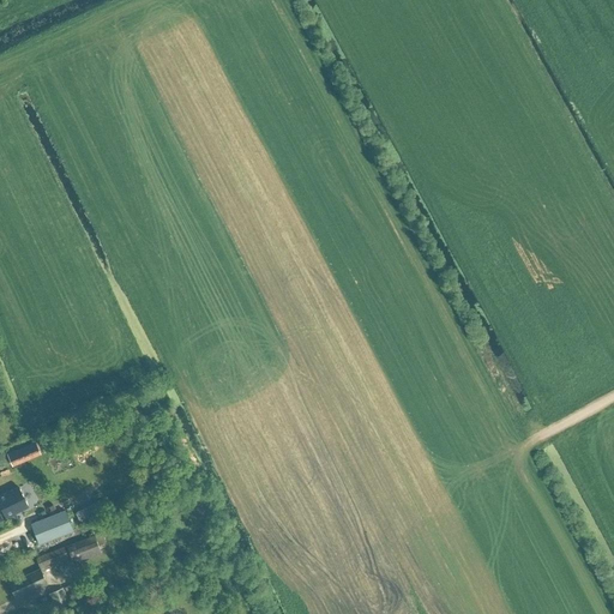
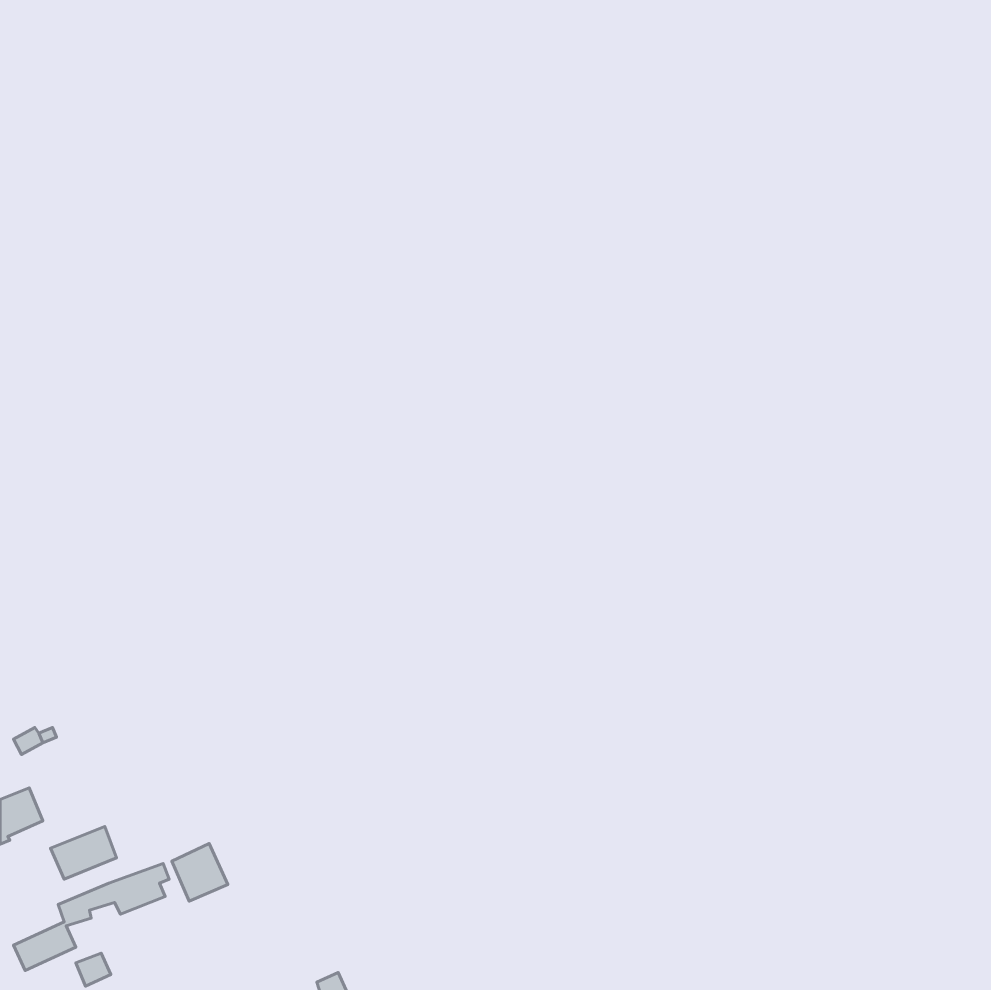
building: none -> [172,843,228,901]

